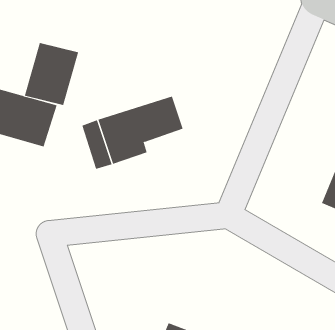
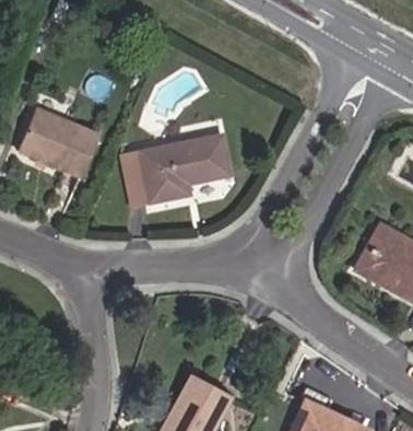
building: [24,42,79,106] -> none

